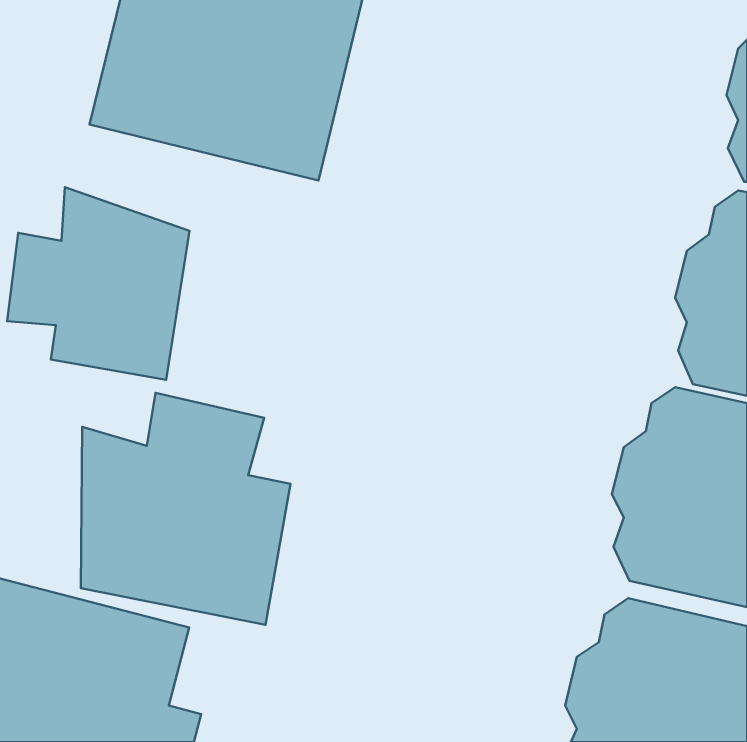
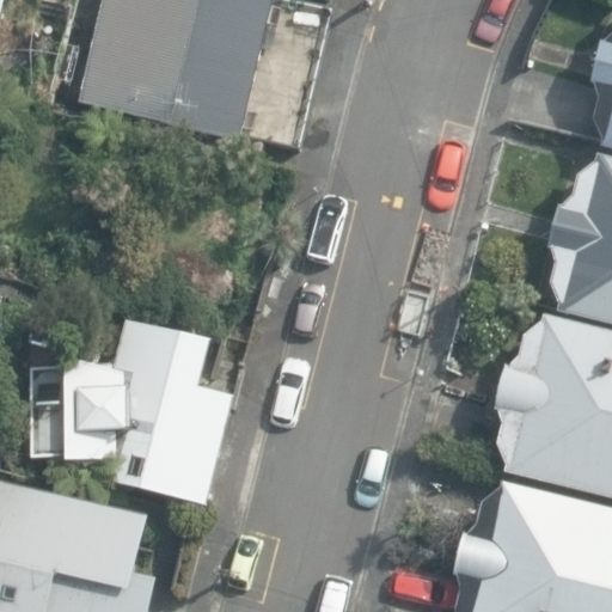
building: [7,187,189,380] -> none

